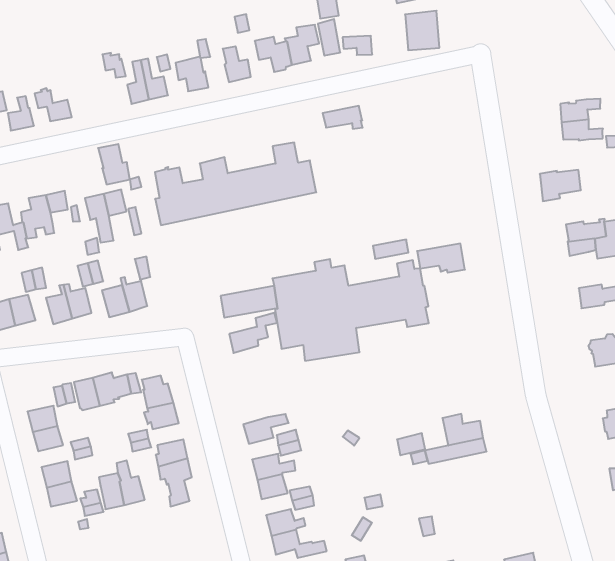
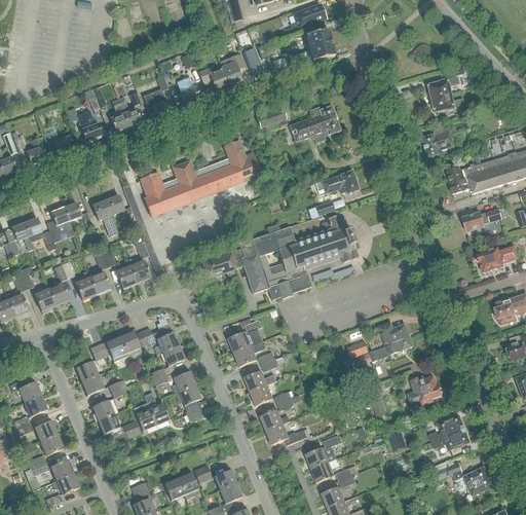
building: none -> [290,106,341,143]
building: [98,144,130,184] -> [76,110,103,141]
building: [417,244,465,273] -> [322,171,359,193]
building: [229,313,277,353] -> [228,320,262,354]
building: none -> [408,376,443,406]

